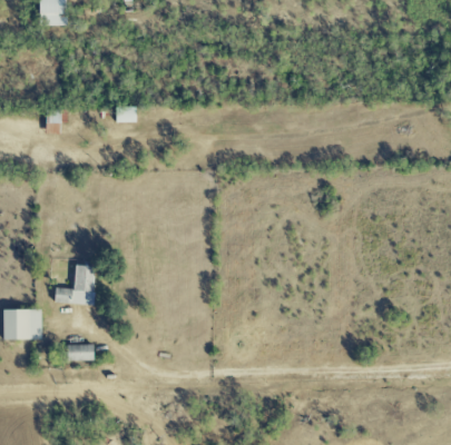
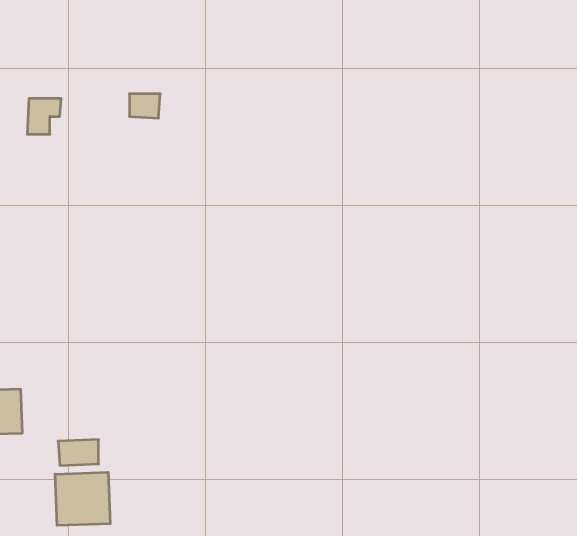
building: [55,265,96,304] -> none
building: none -> [55,472,110,525]

